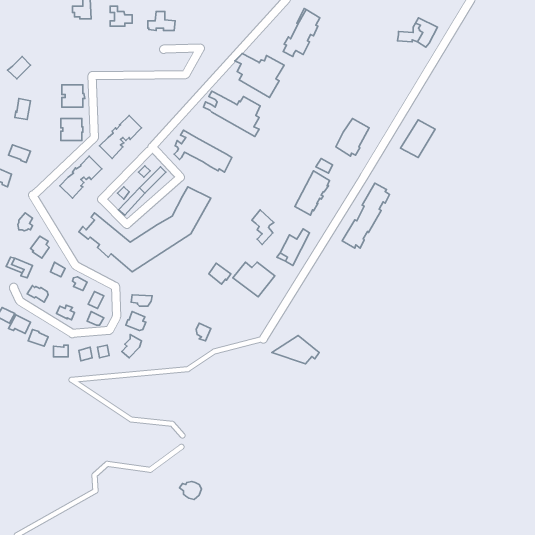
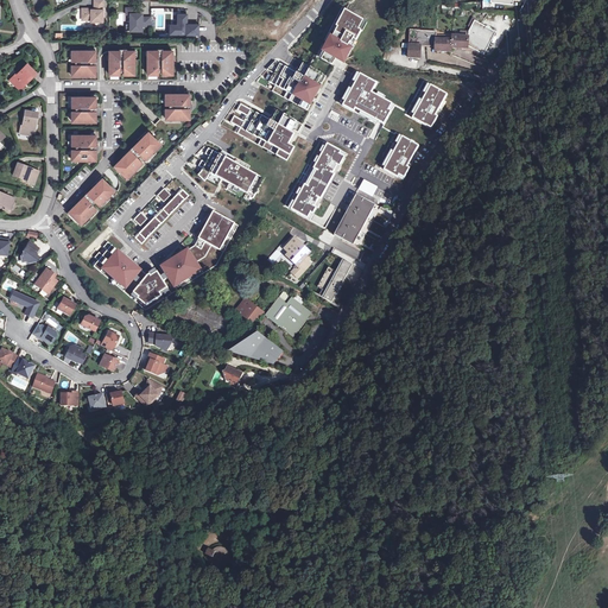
building: none -> [407,30,451,57]
building: none -> [108,48,134,74]
building: none -> [147,48,171,74]
building: none -> [71,50,96,75]
building: none -> [342,72,390,125]
building: none -> [165,94,190,119]
building: [400,120,435,158] -> [408,83,448,126]
building: [342,183,389,248] -> [290,142,343,216]
building: [272,336,319,364] -> [228,331,281,363]

